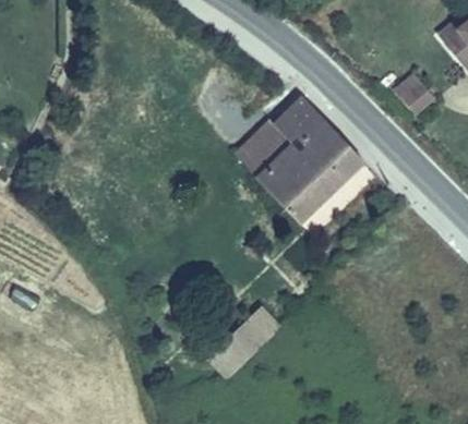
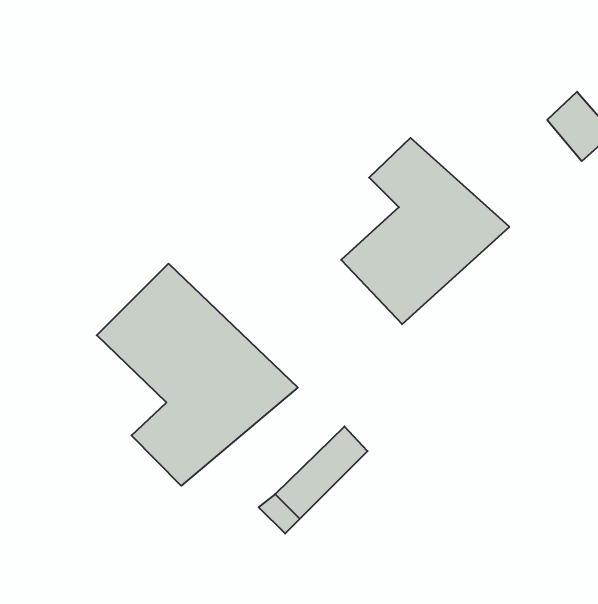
building: [232,117,296,180] -> none
building: none -> [97,264,298,486]

